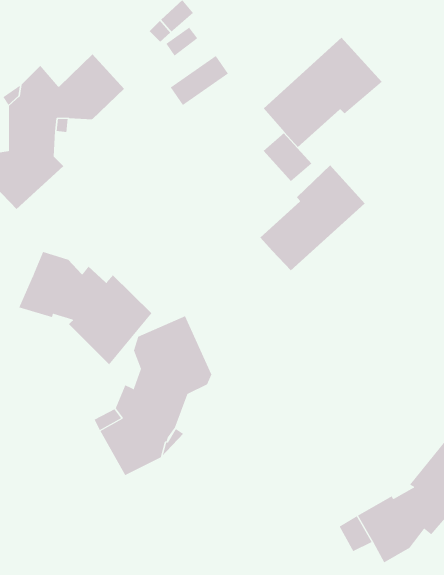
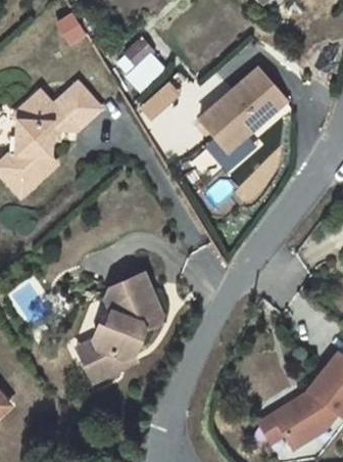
building: [260,164,366,271] -> none
building: [19,251,152,365] -> none

